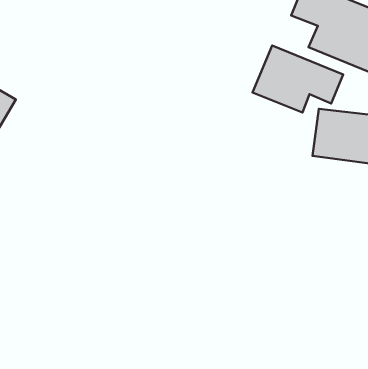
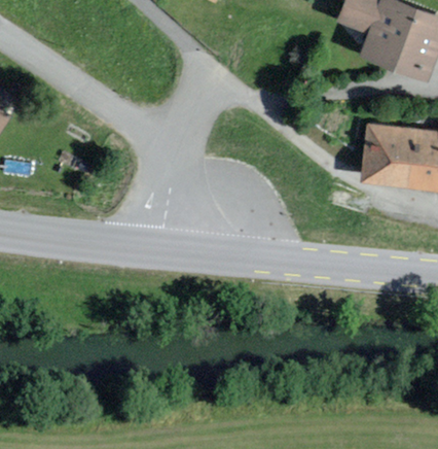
building: [252,45,343,113] -> none

